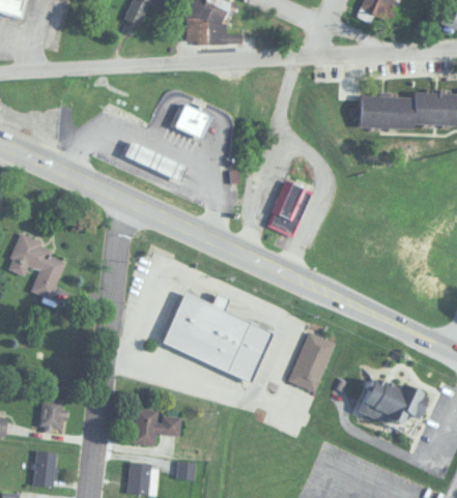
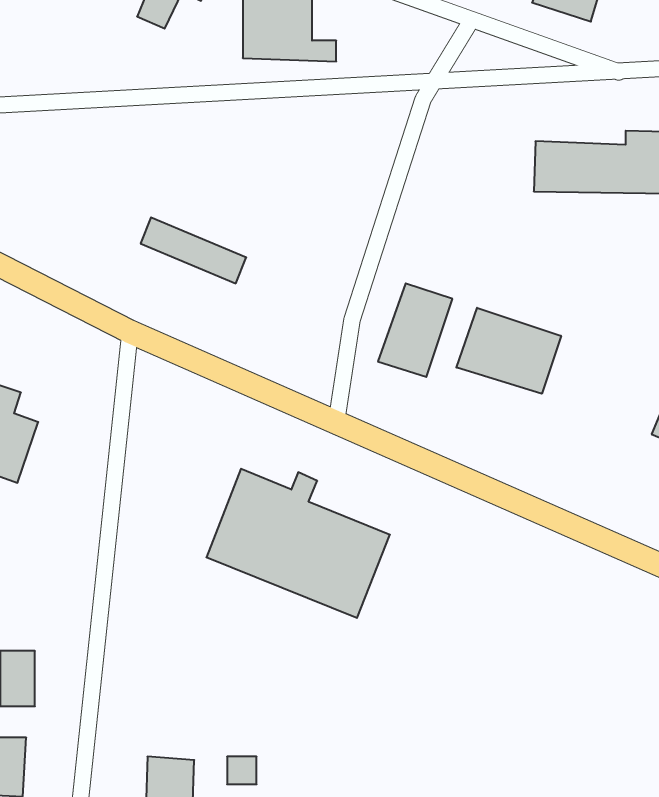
building: [175,104,210,139] -> none
building: none -> [456,308,561,394]
building: [287,330,336,392] -> none
building: [360,375,430,423] -> none
building: [132,408,181,445] -> none

